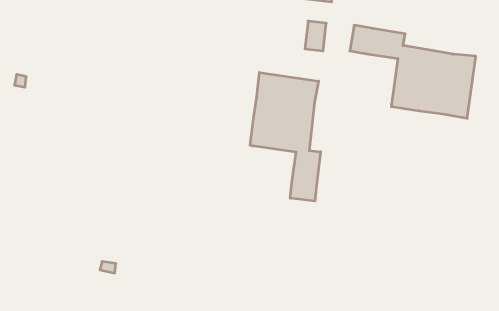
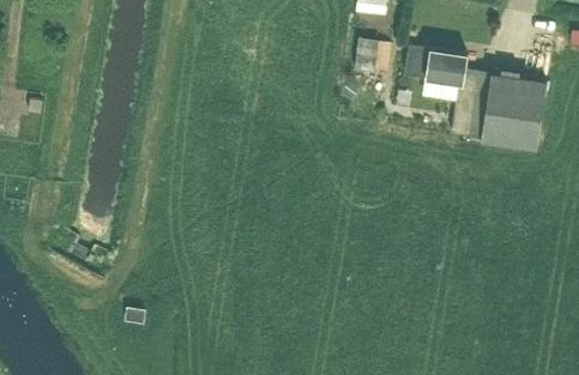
building: [250,72,321,201] -> none

